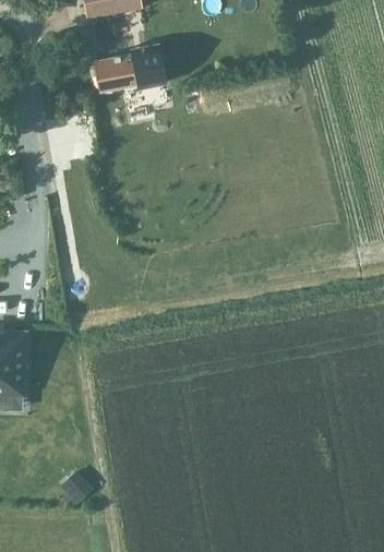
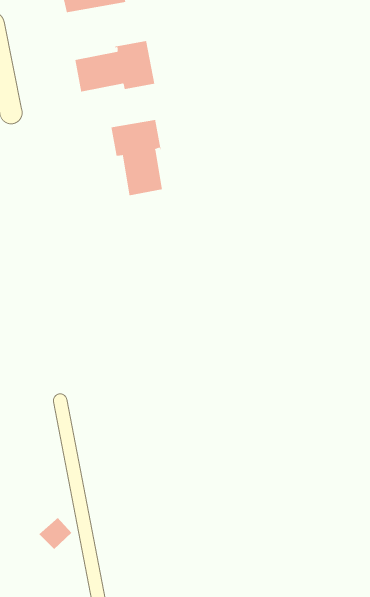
building: none -> [111,119,163,196]

